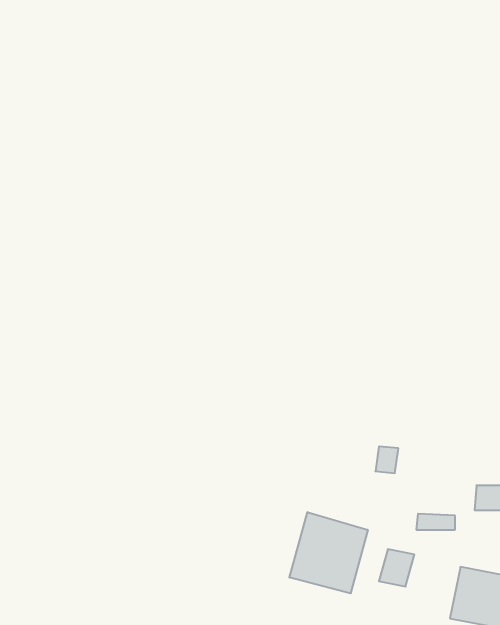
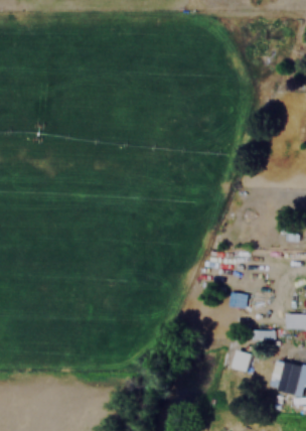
building: [289,512,368,593] -> none

